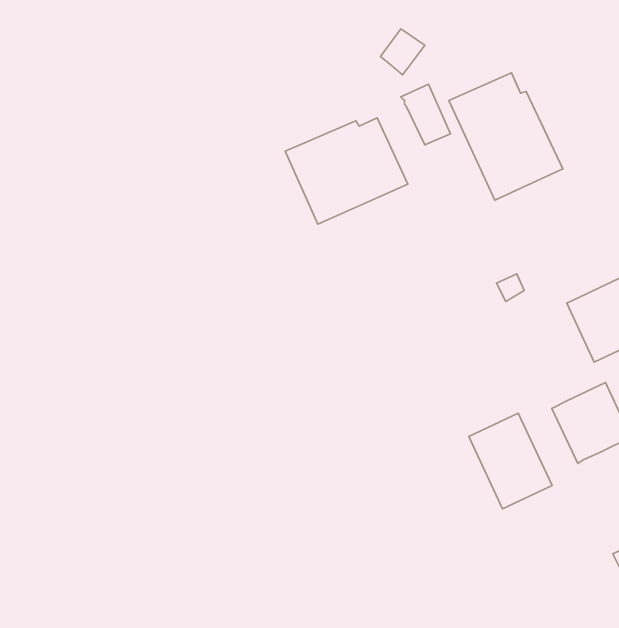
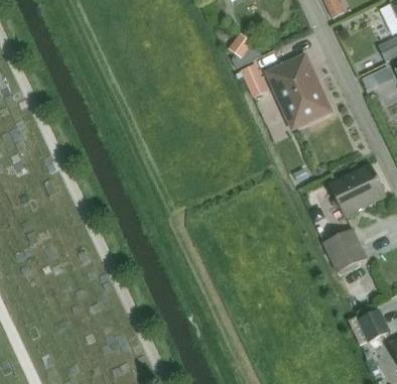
building: [285,118,408,224] -> none
building: [469,413,552,509] -> none

